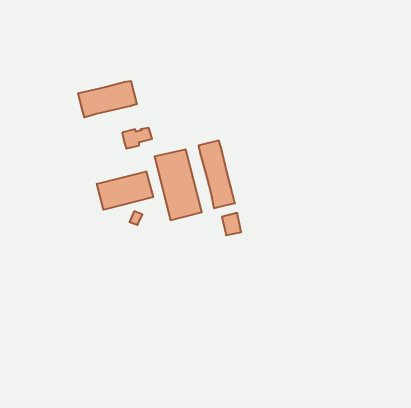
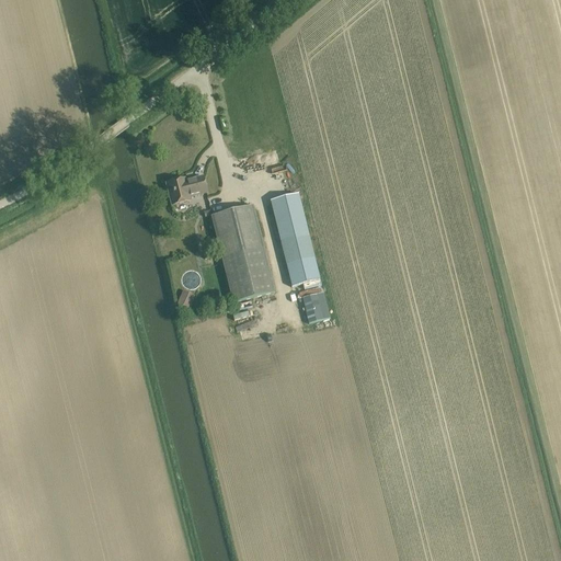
building: [78,81,137,117] -> none
building: [97,171,153,210] -> none

